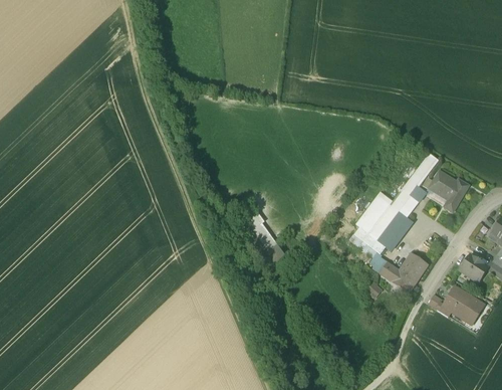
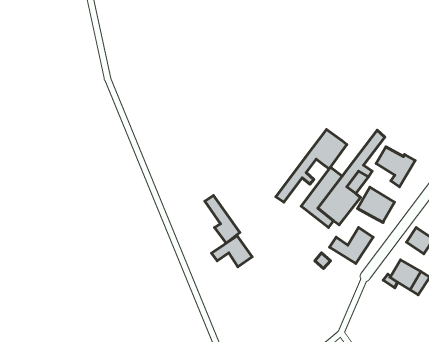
building: none -> [276,130,347,202]
building: none -> [357,187,394,223]
building: none -> [211,236,252,267]

